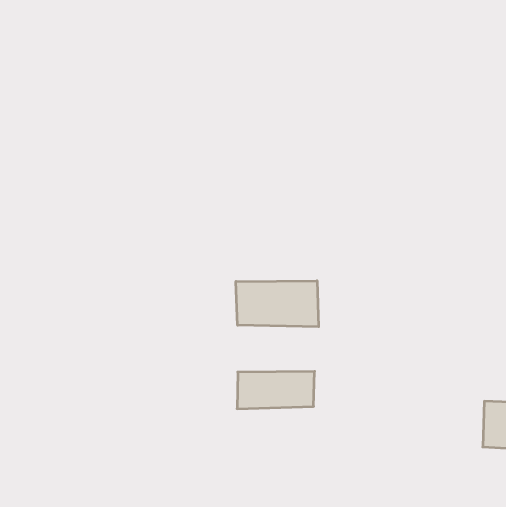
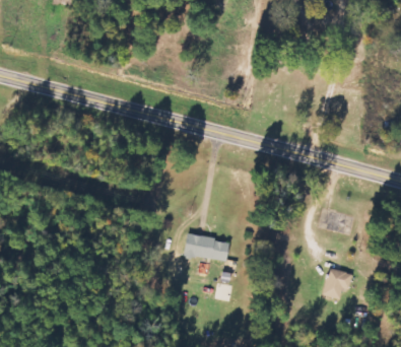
building: [236,281,319,327] -> none

